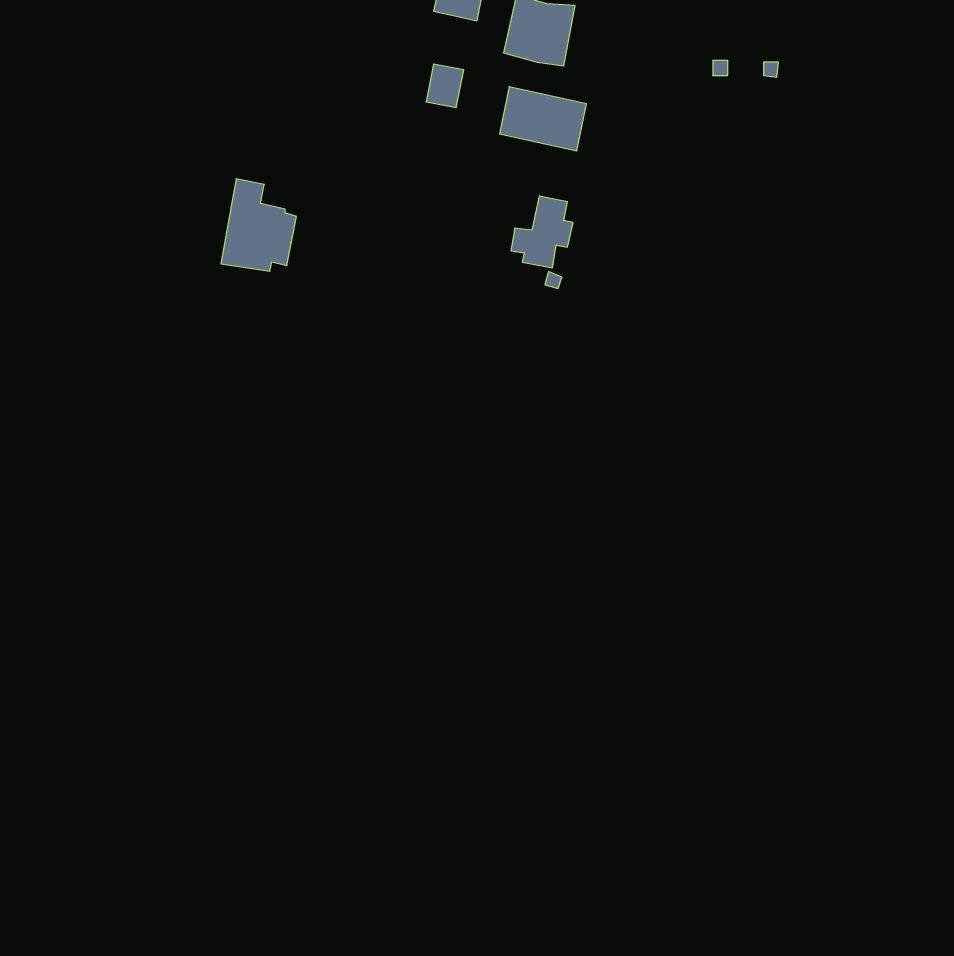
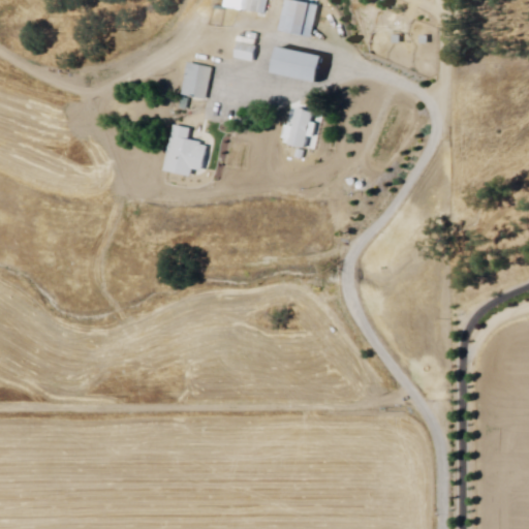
building: none -> [180,61,209,96]
building: [221,179,296,271] -> [165,124,207,175]

